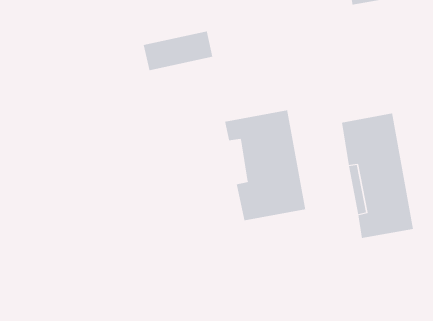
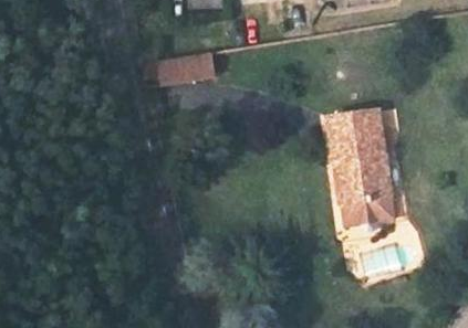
building: [224,109,306,221] -> none

